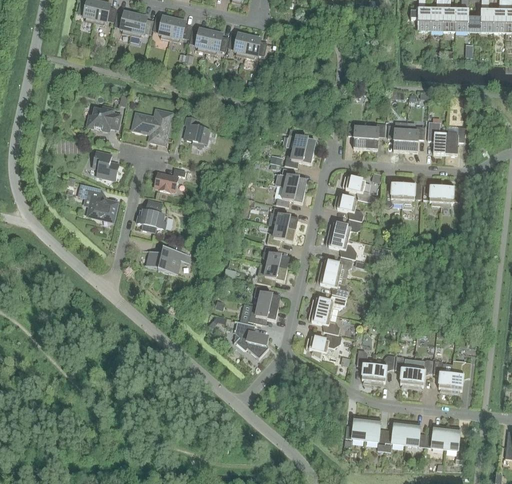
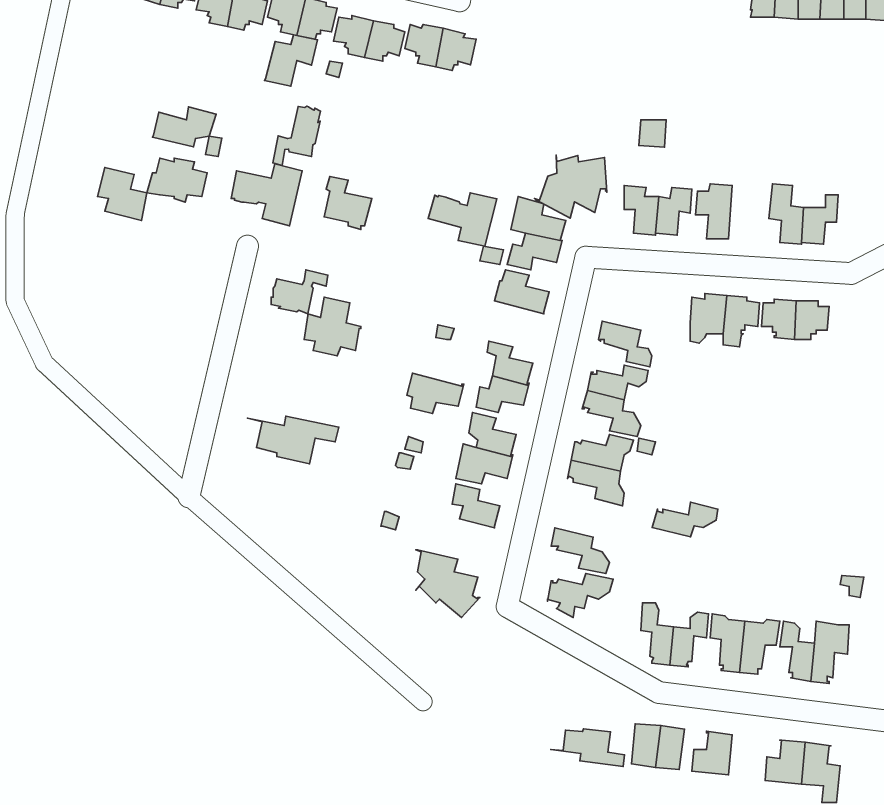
building: none -> [265,35,318,86]
building: none -> [273,106,321,166]
building: none -> [153,107,216,147]
building: none -> [534,155,607,218]
building: [405,121,425,151] -> none
building: none -> [428,193,497,246]
building: [92,150,119,179] -> [97,167,147,220]
building: [342,175,372,201] -> none
building: [78,183,117,219] -> none
building: [274,184,305,206] -> [407,373,464,414]
building: [137,199,168,231] -> [304,297,361,356]
building: [310,294,346,313] -> [652,502,718,537]
building: [248,303,278,323] -> none
building: none -> [551,729,624,767]
building: [405,421,426,446] -> none

